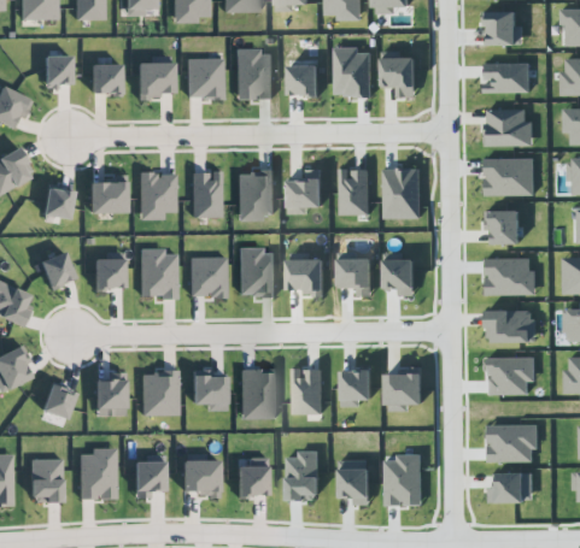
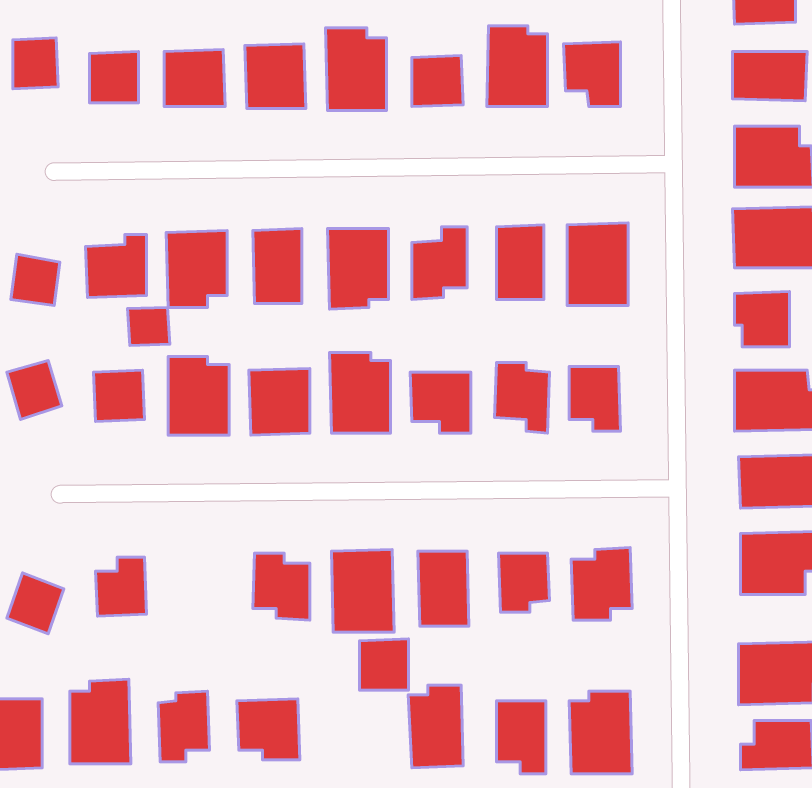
building: none -> [128,307,170,345]
building: [140,371,178,414] -> none
building: [236,465,266,496] -> [359,639,409,690]

